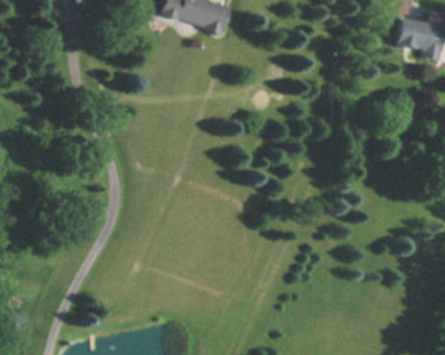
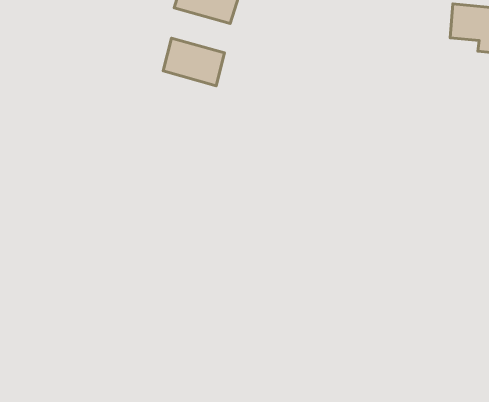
building: none -> [163,38,224,86]

